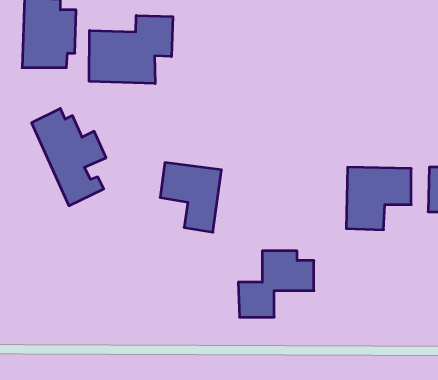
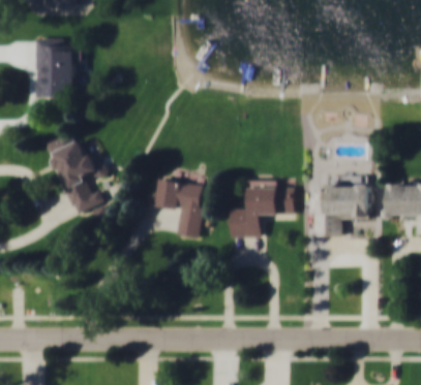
building: [89,15,173,84] -> none
building: [238,251,314,317] -> [229,179,294,235]

